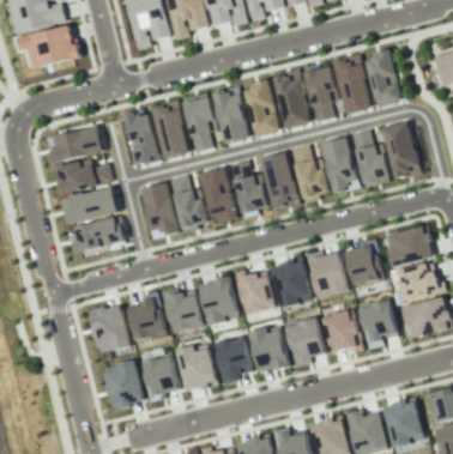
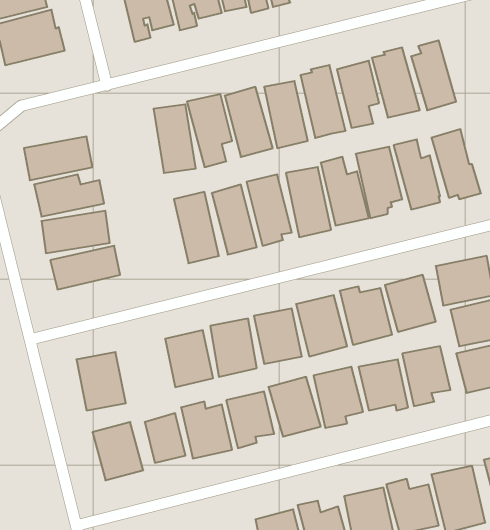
building: [122,110,159,167] -> none
building: [140,182,177,238] -> none
building: [127,291,167,343] -> none

